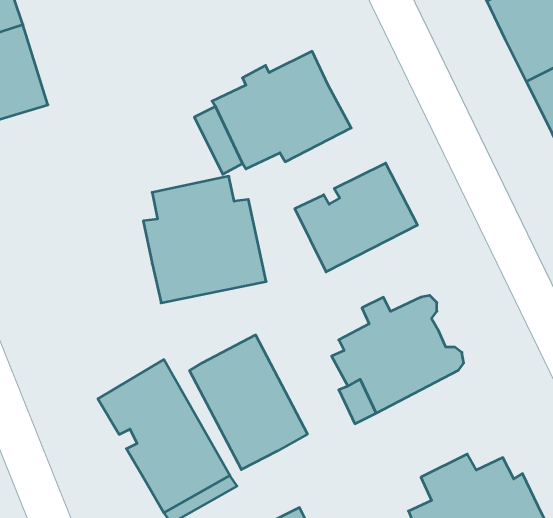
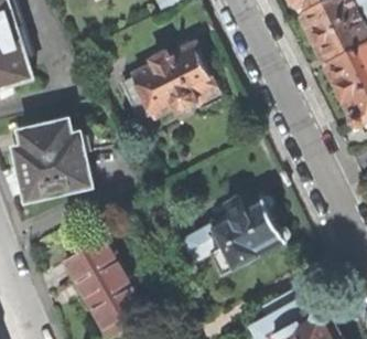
building: [295,163,417,272] -> none
building: [143,176,266,303] -> [14,119,90,198]
building: [190,335,307,470] -> none

